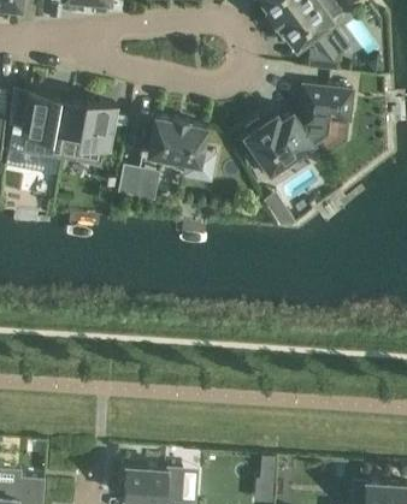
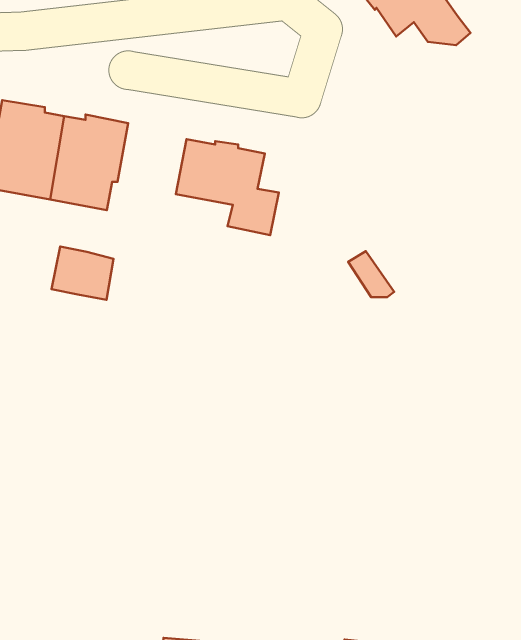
building: [244,88,350,179] -> none
building: [117,166,159,202] -> [51,246,113,300]

